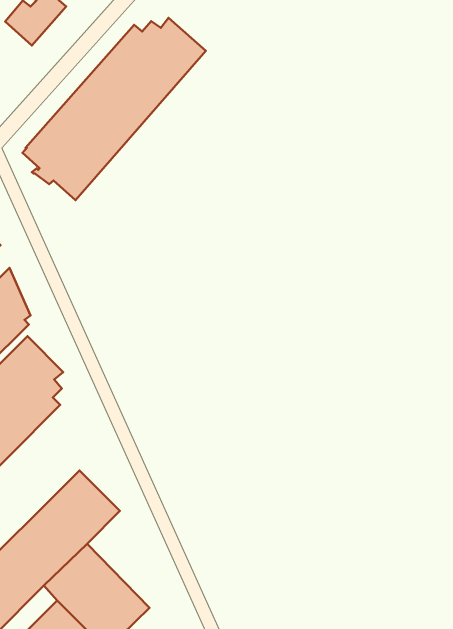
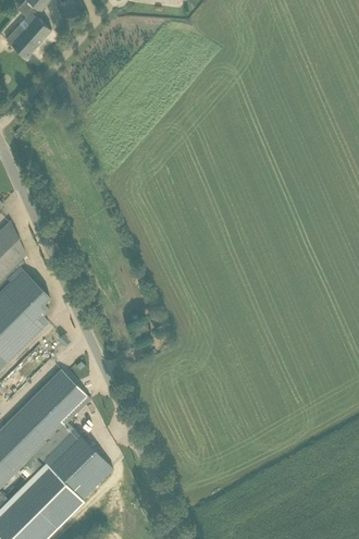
building: [22,18,206,200] -> none

